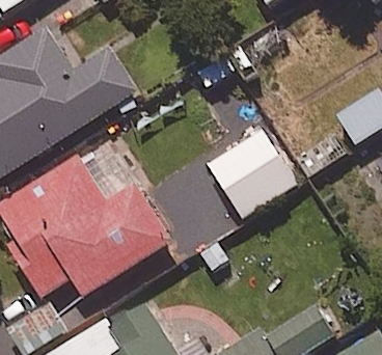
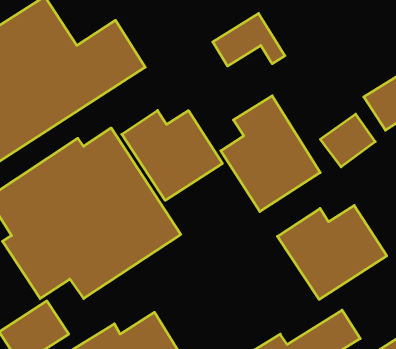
building: none -> [122,110,222,200]
building: none -> [277,205,387,299]

